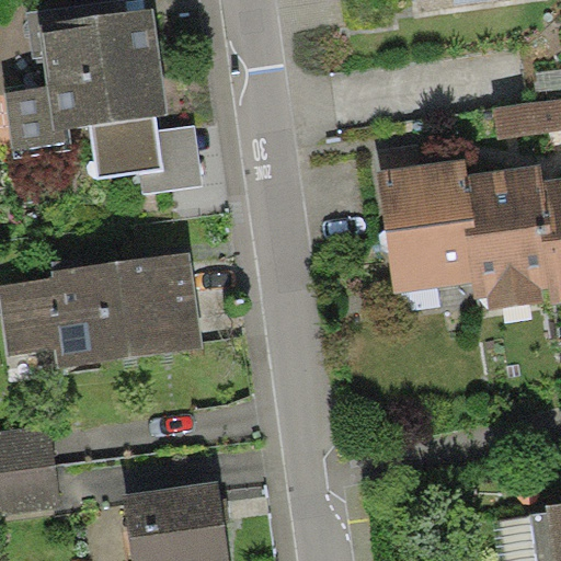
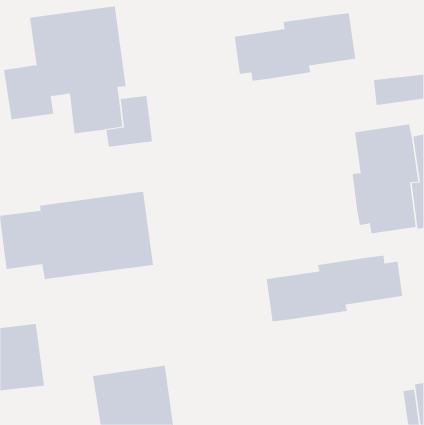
building: none -> [234,12,356,81]
building: [377,157,474,290] -> none
building: none -> [266,255,403,322]

